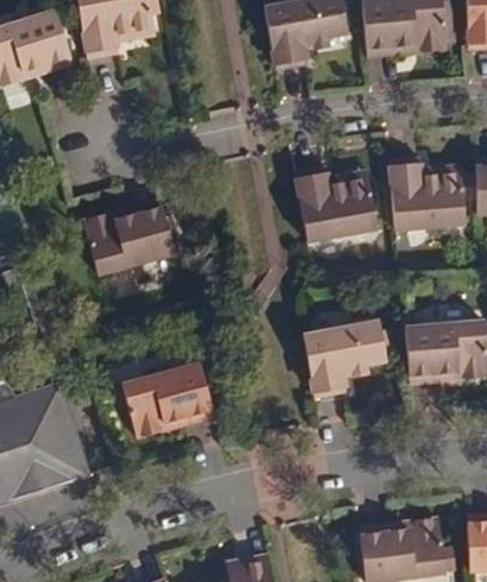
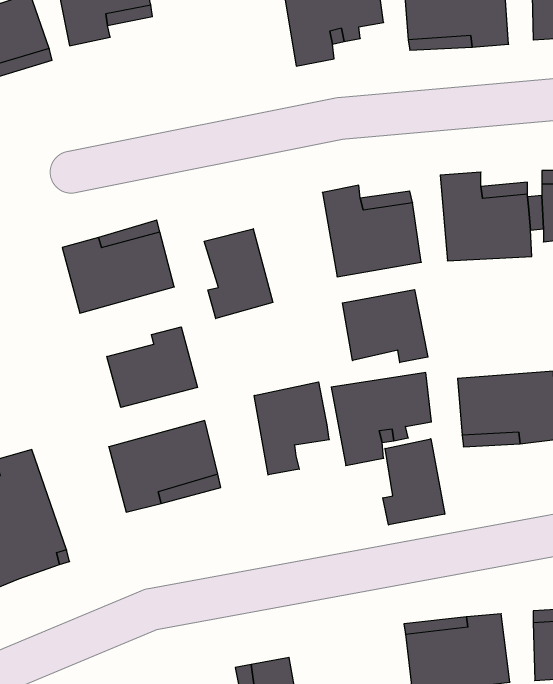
building: none -> [204,229,273,319]
building: none -> [342,290,428,363]
building: none -> [107,327,198,407]
building: none -> [254,382,329,475]
building: none -> [383,439,445,525]

